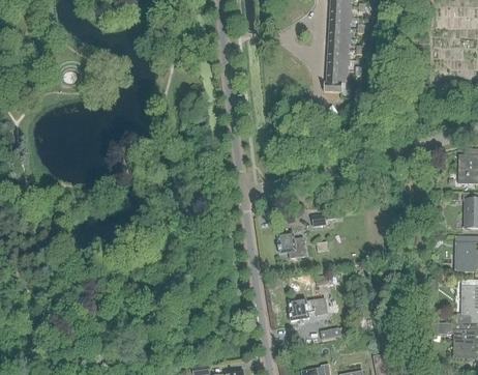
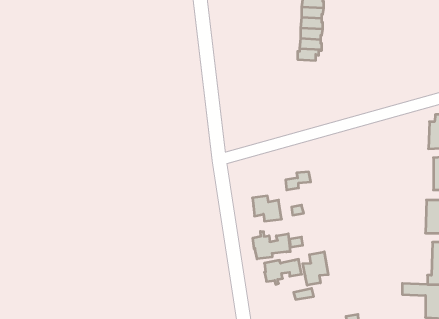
building: none -> [253,231,290,259]
building: none -> [303,252,328,285]

